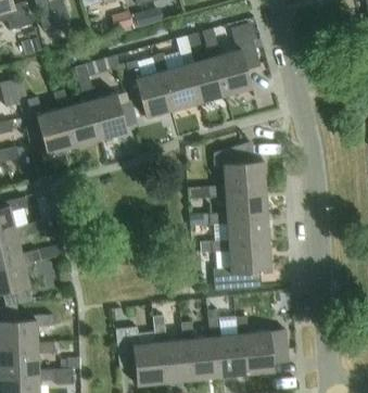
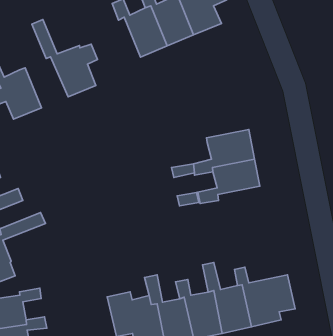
building: [124,62,170,118] -> none
building: [52,91,99,148] -> none
building: [187,141,264,201] -> none
building: [212,244,270,294] -> none

